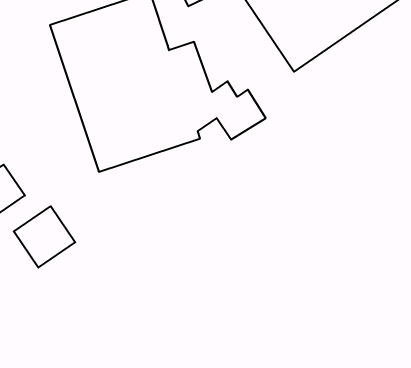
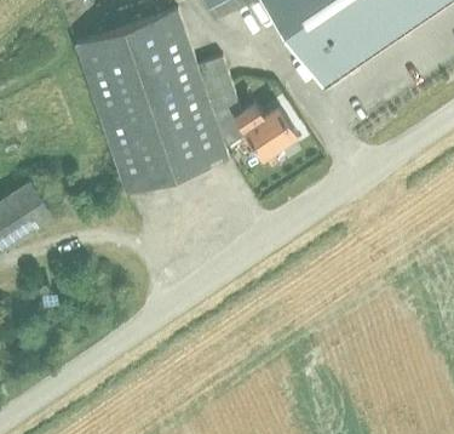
building: [14,206,75,268] -> none

